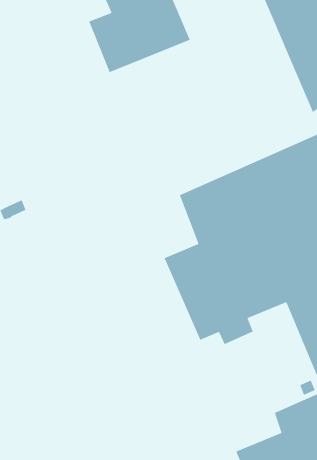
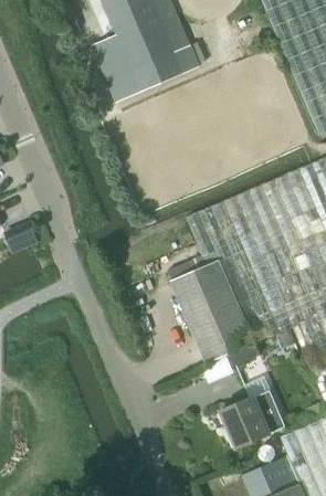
building: none -> [221,391,285,447]

